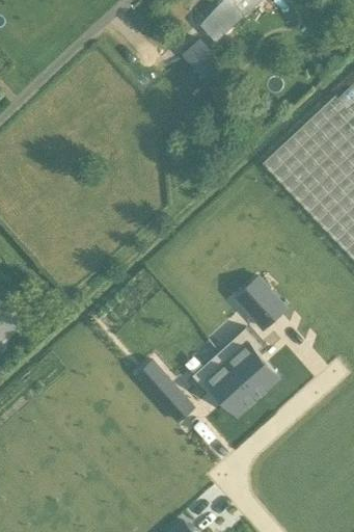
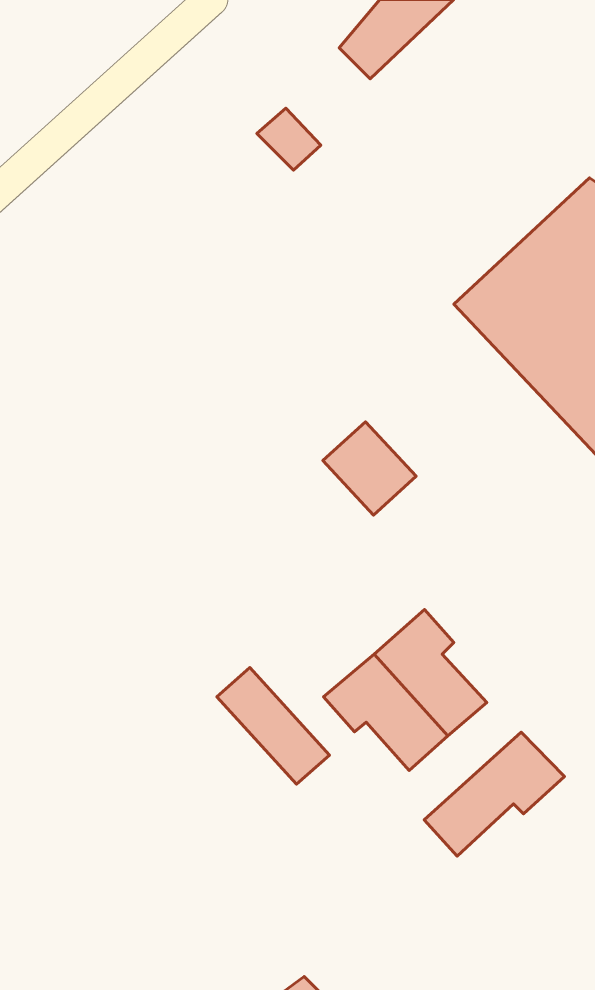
building: [183,37,217,71] -> [257,108,321,170]
building: [238,276,288,326] -> [323,422,416,515]
building: none -> [424,732,565,856]

